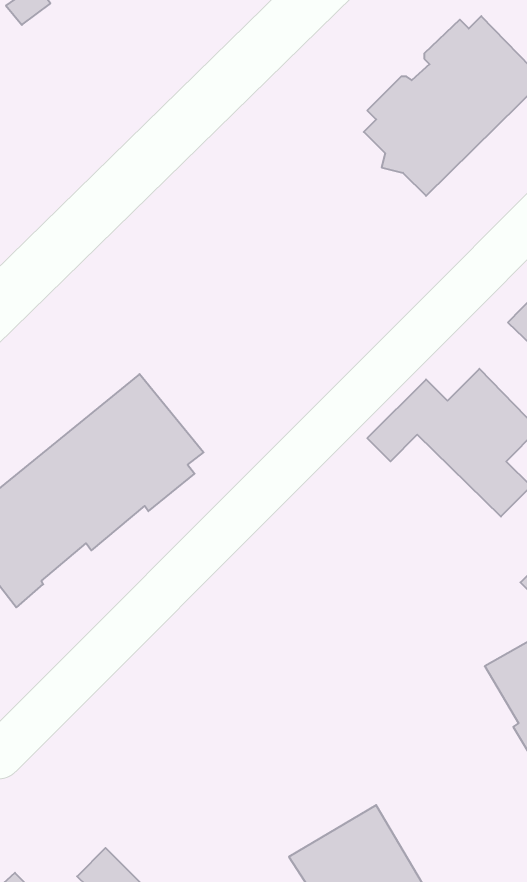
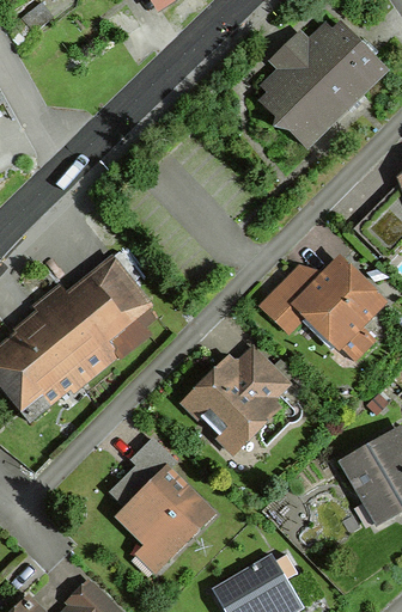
building: none -> [188,356,287,447]
building: none -> [110,437,209,555]

